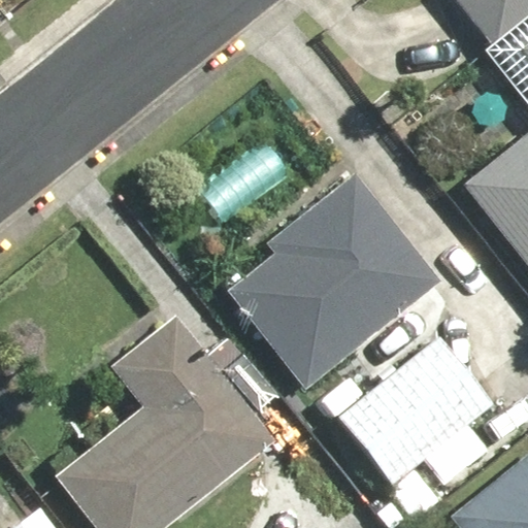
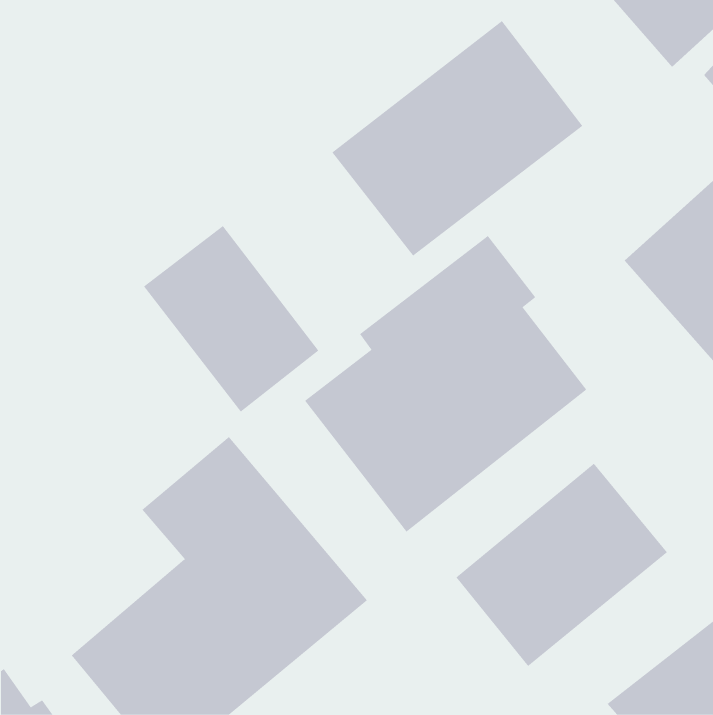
building: none -> [332,20,583,257]
building: none -> [143,225,319,412]

